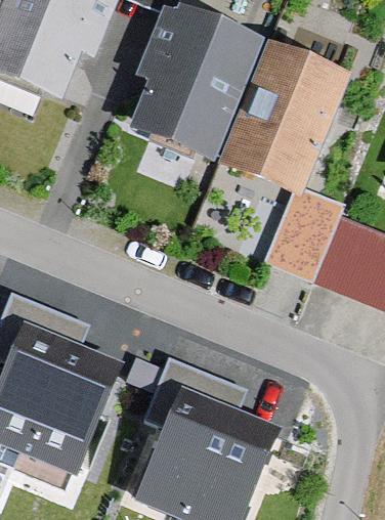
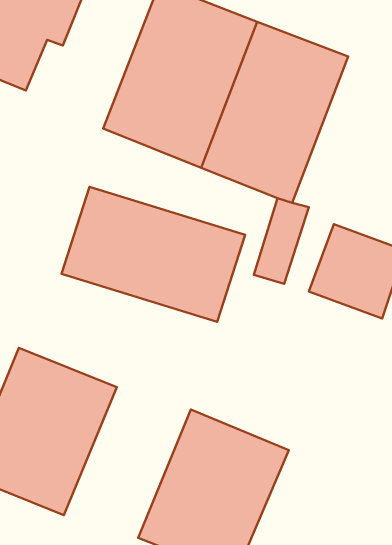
building: none -> [62,187,245,322]

